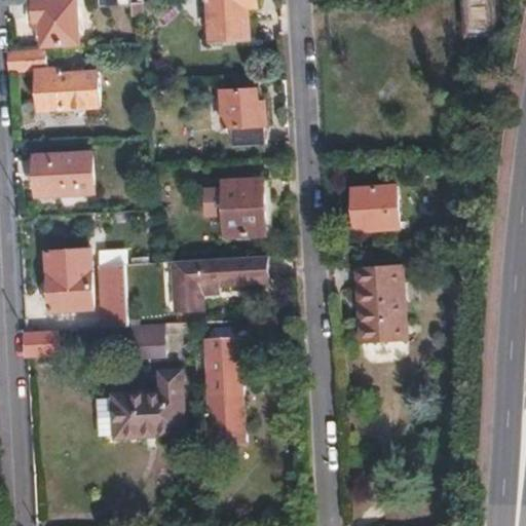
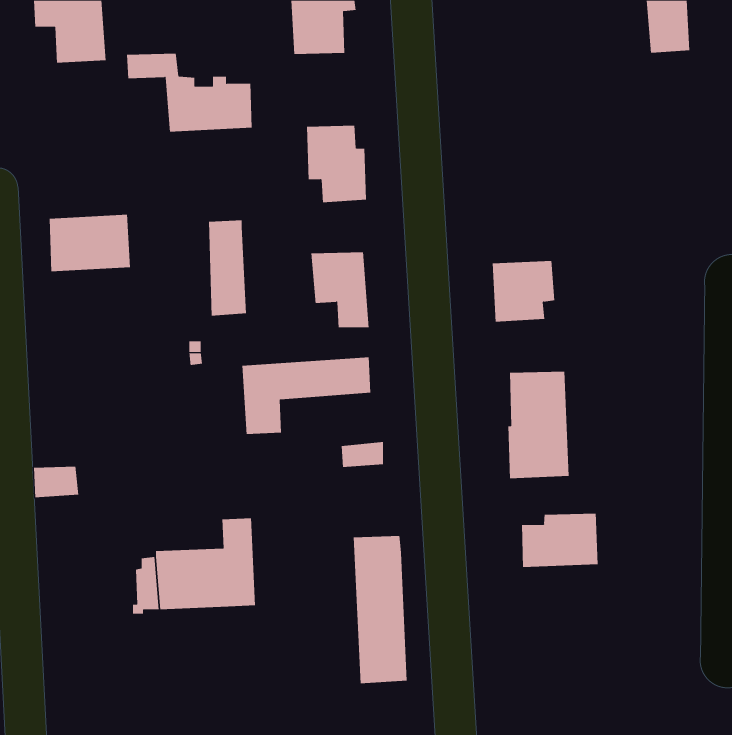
building: [7,52,98,109] -> [126,53,253,132]
building: [45,250,90,310] -> none
building: [98,259,125,328] -> [208,220,247,316]
building: [130,324,163,356] -> none
building: [203,338,242,444] -> [353,536,407,684]
building: none -> [521,513,598,568]

